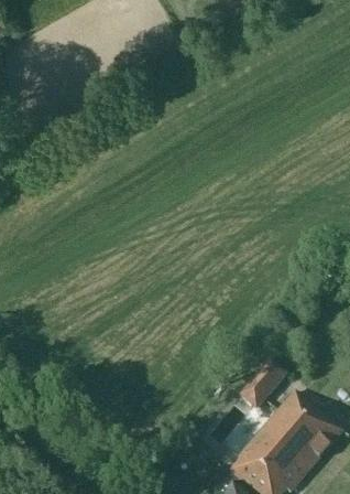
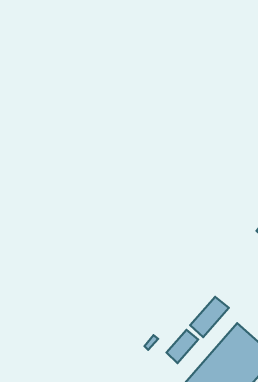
building: none -> [166,330,198,363]

